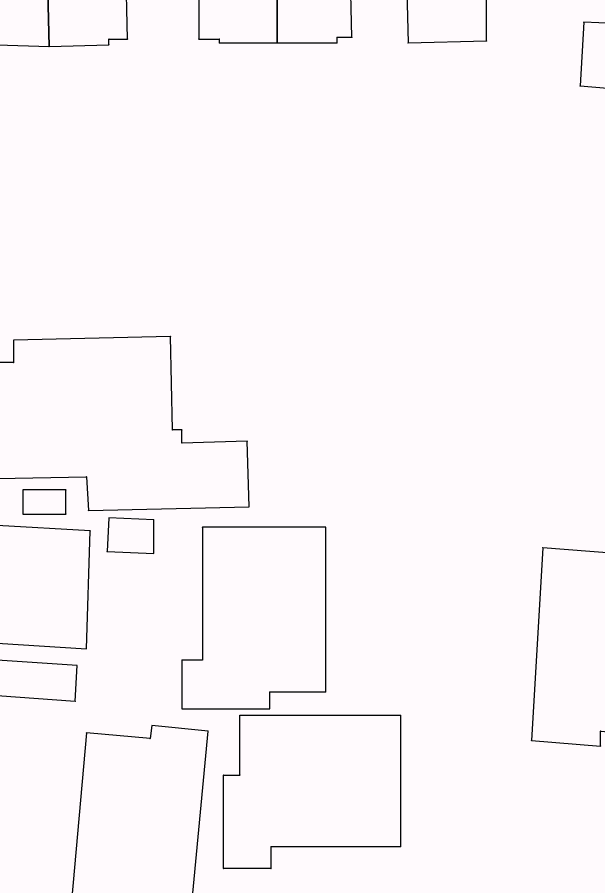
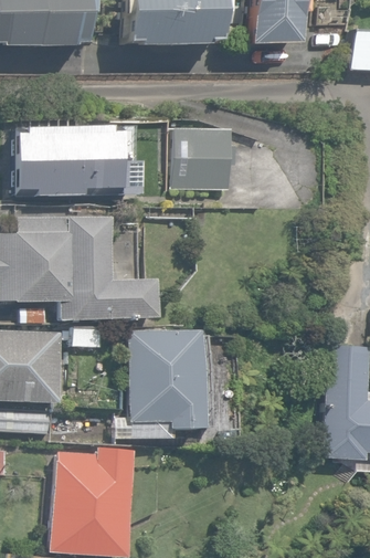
building: none -> [17,127,139,194]
building: none -> [176,128,232,187]
building: [224,715,401,869] -> none

